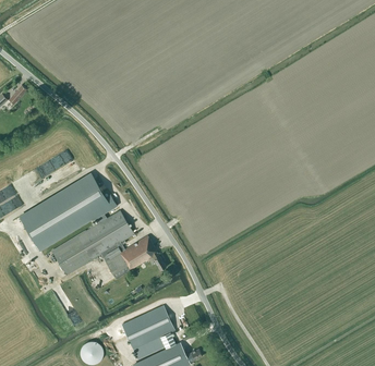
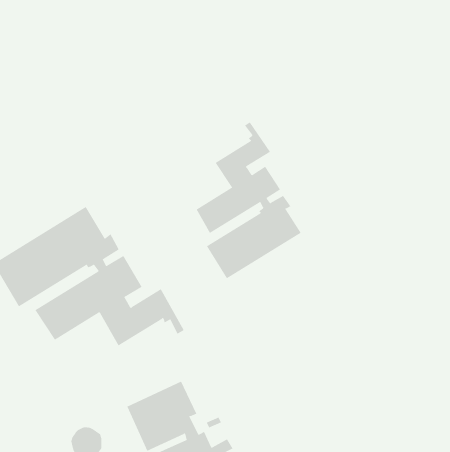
building: none -> [196,121,302,279]

